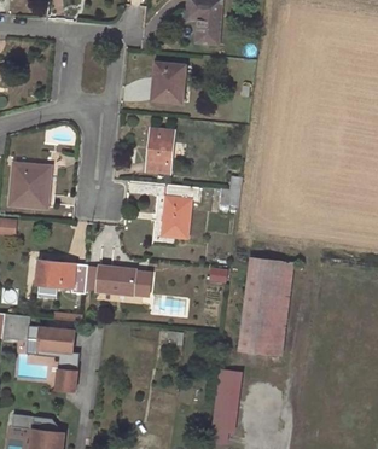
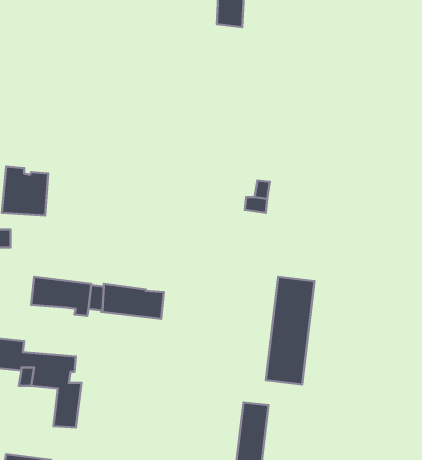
building: [153,62,184,103] -> none
building: [146,128,174,173] -> none
building: [162,185,198,237] -> none

